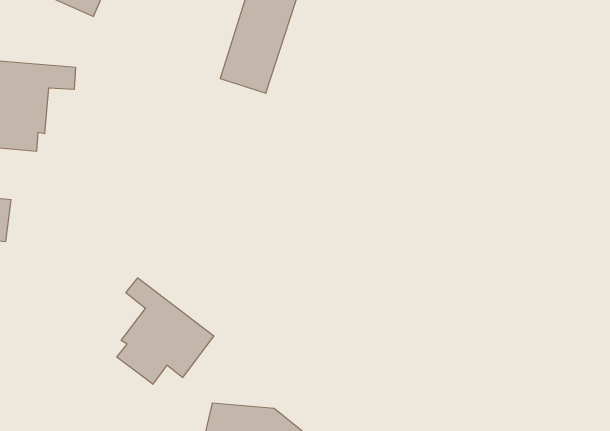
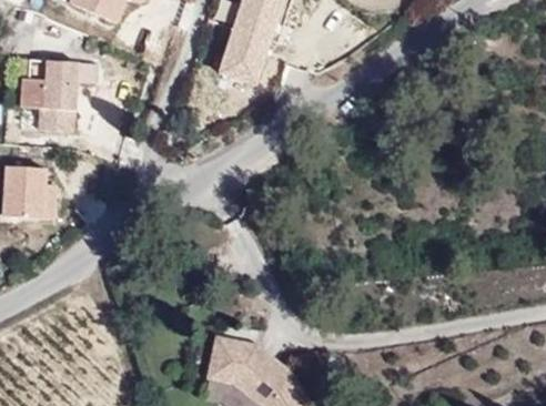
building: [117,278,214,384] -> none

